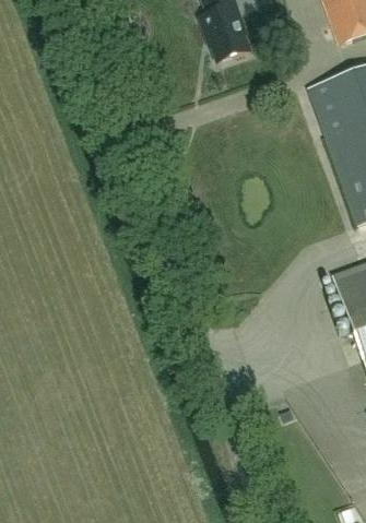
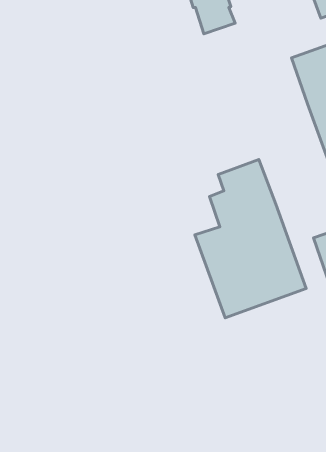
building: none -> [195,159,306,318]

